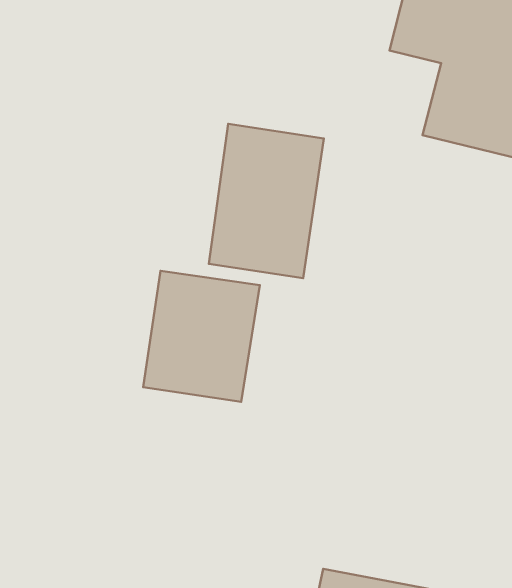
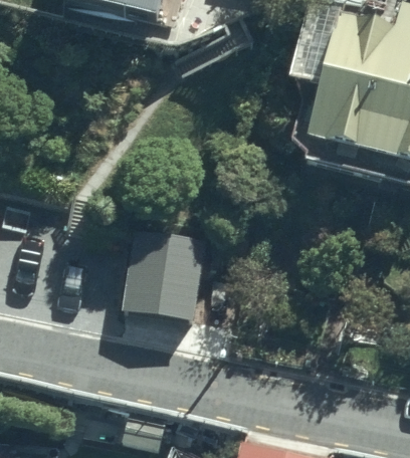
building: [209,124,324,278] -> none

